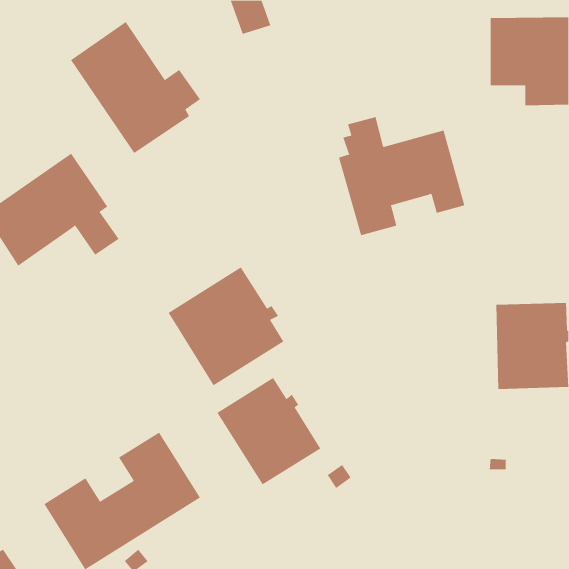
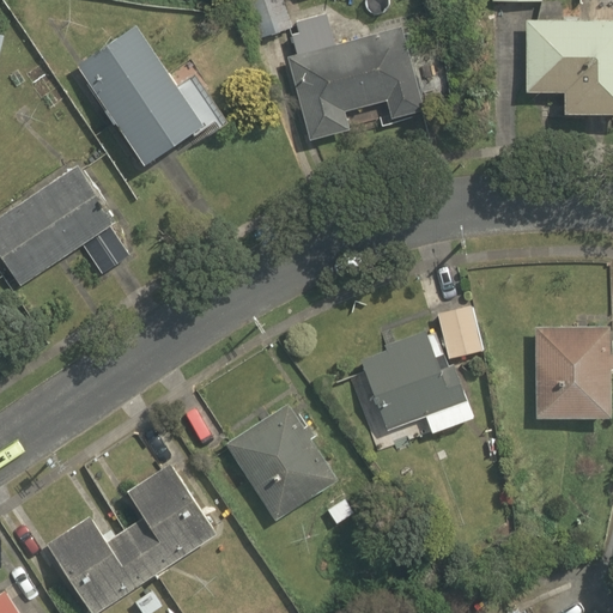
building: [338,116,465,236] -> [286,14,423,142]
building: [168,266,284,386] -> none
building: none -> [359,305,479,433]

